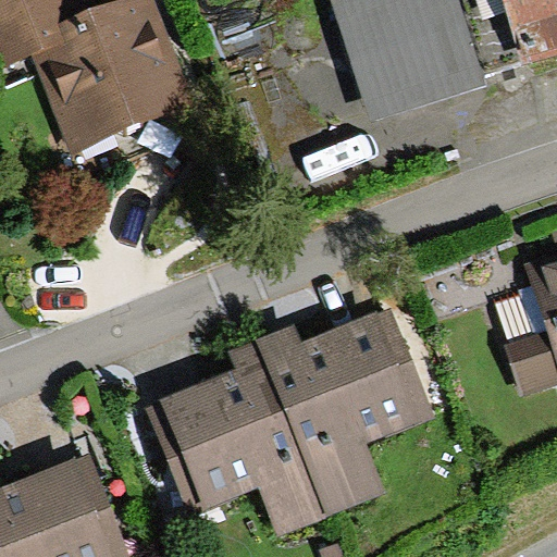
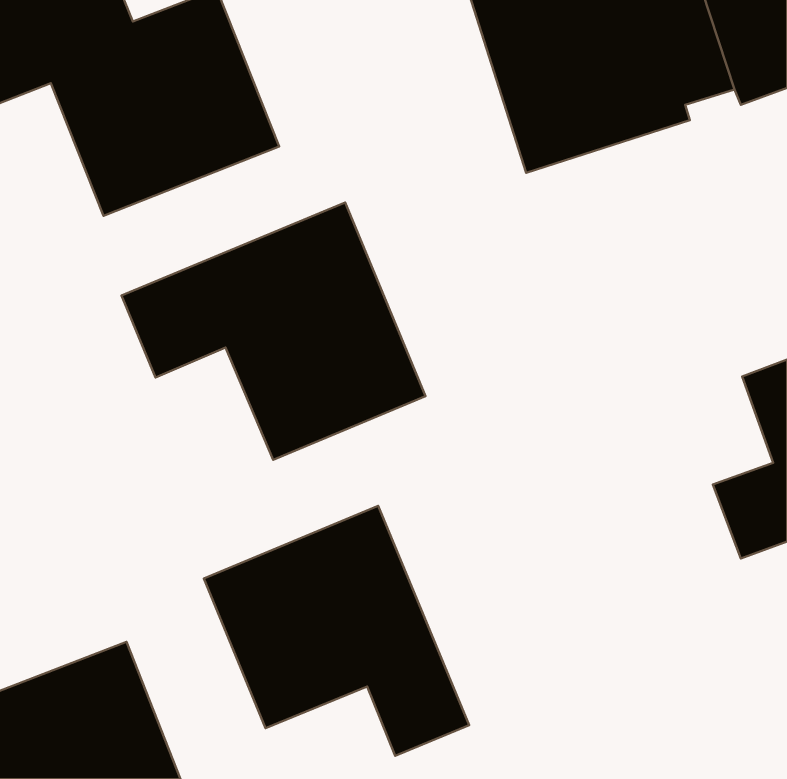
building: none -> [121,203,425,460]
building: [267,307,433,511] -> none

